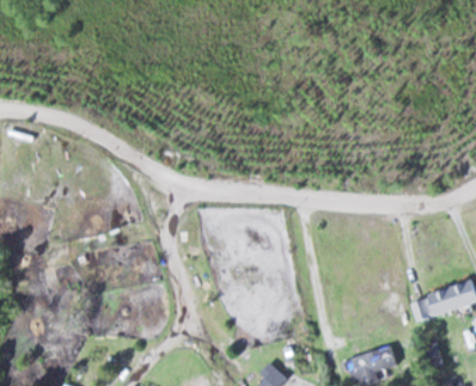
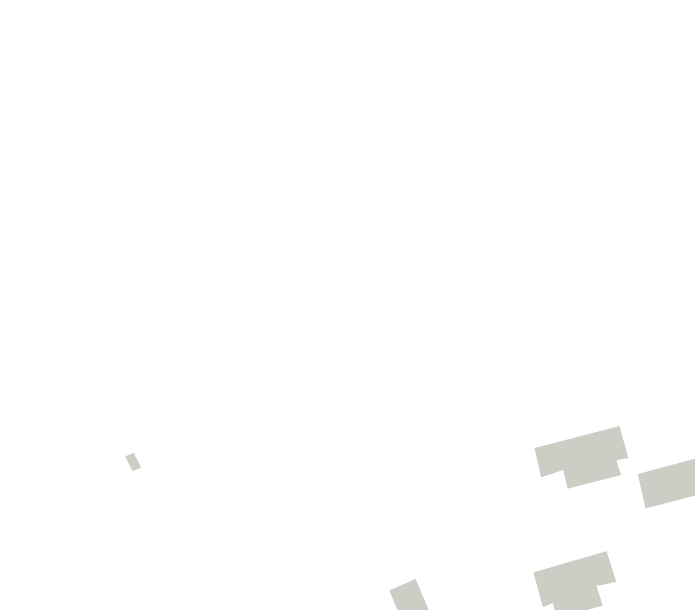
building: none -> [534,425,629,490]

